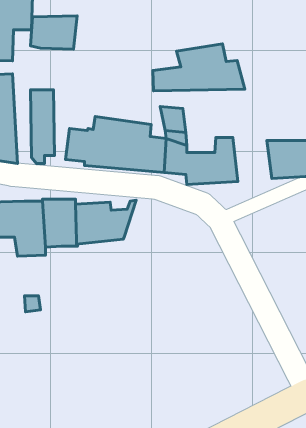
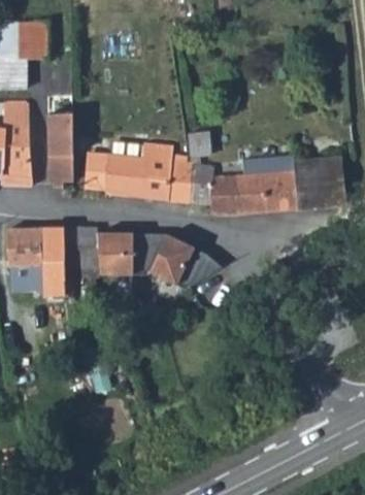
building: [30,16,77,49] -> none
building: [153,44,245,91] -> none
building: none -> [257,160,297,209]
building: none -> [144,229,211,282]

